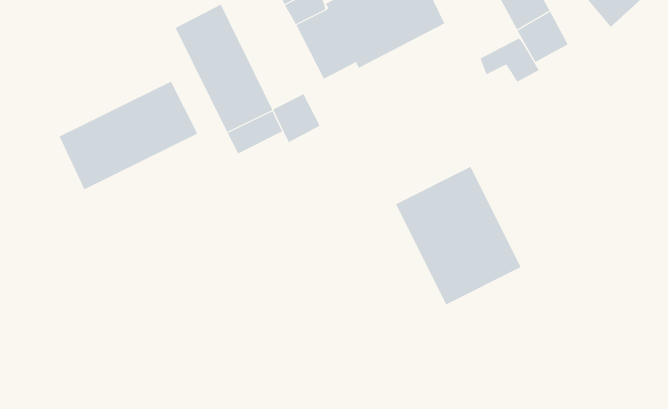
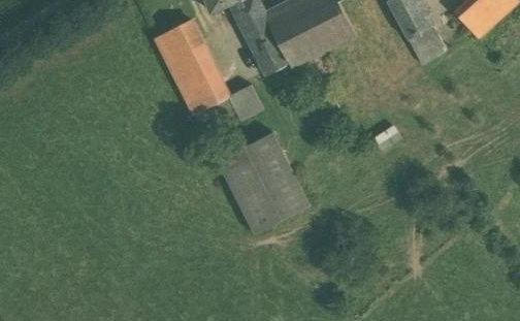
building: [480,38,540,83] -> none
building: [59,81,198,190] -> none
building: [395,166,521,305] -> [216,132,308,234]

